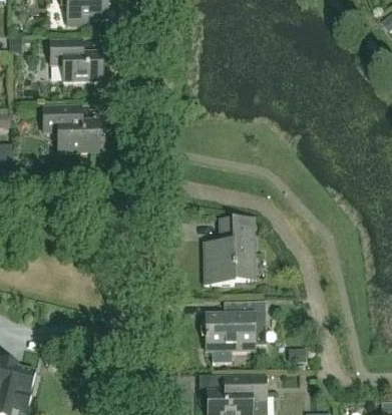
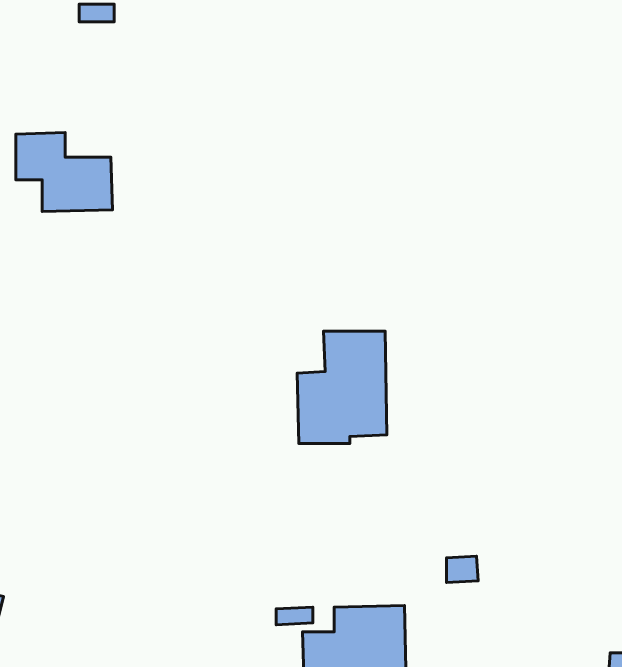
building: [50,40,101,80] -> none
building: [206,302,266,363] -> none

